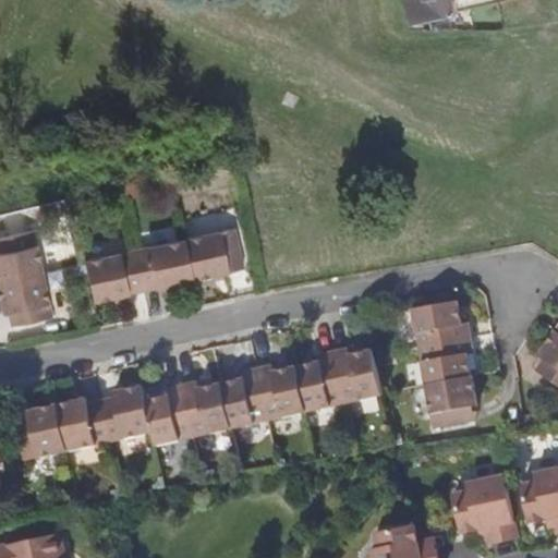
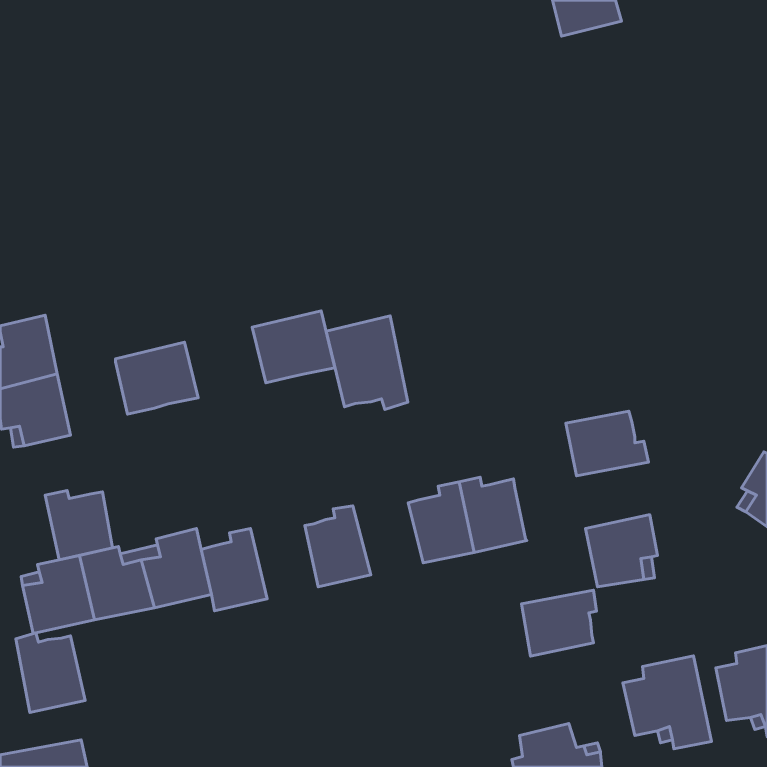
building: none -> [326,316,408,410]
building: [134,238,193,289] -> none
building: [418,336,473,384] -> [521,590,596,656]
building: none -> [45,491,112,560]
building: [256,363,307,417] -> none
building: [182,379,231,435] -> none
building: none -> [16,633,85,712]

